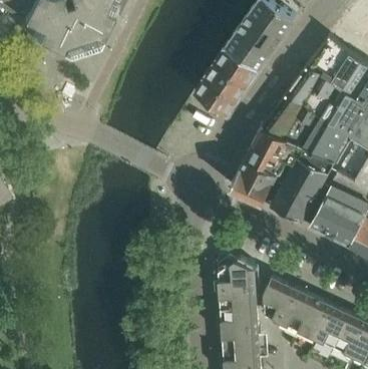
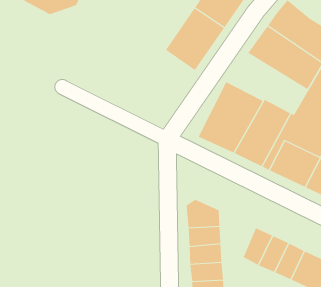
building: [261,96,352,164] -> none
building: [263,279,294,323] -> none

